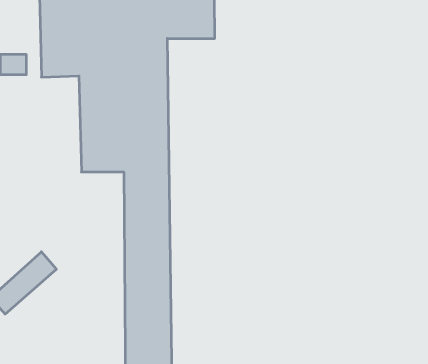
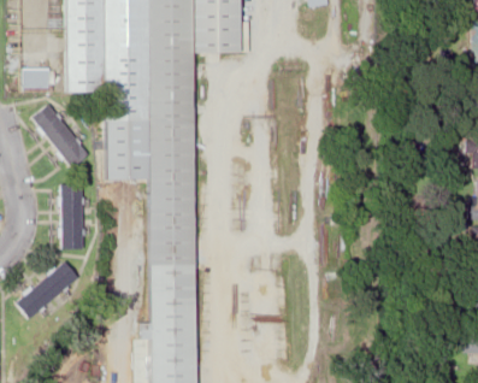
building: none -> [28,101,87,167]
building: none -> [59,183,83,248]

